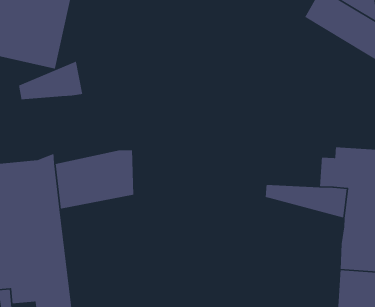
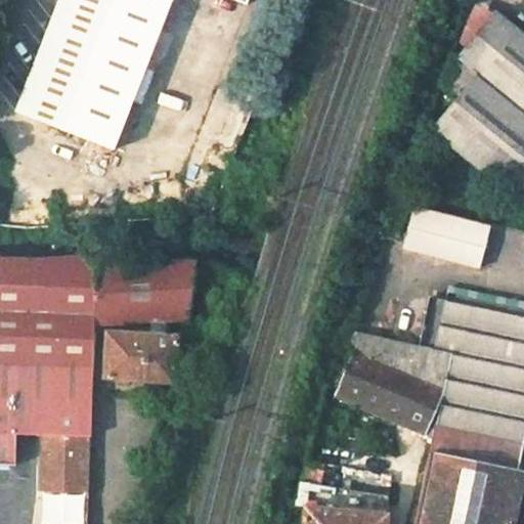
building: [18,60,83,100] -> none
building: none -> [403,207,490,268]
building: none -> [335,350,443,434]
building: none -> [104,332,175,382]

